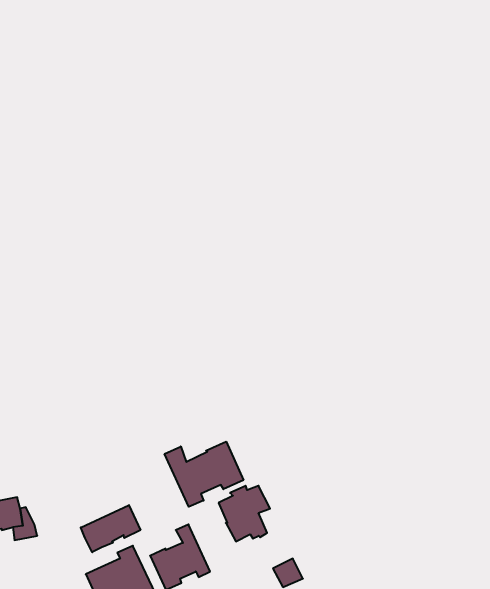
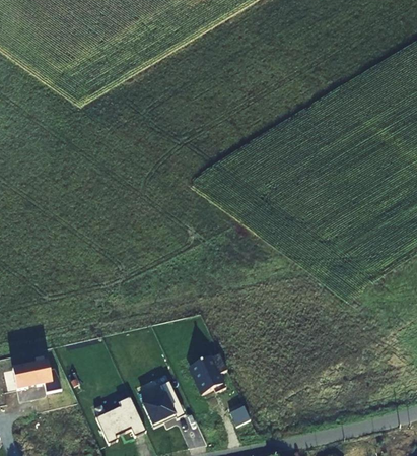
building: [165,442,243,507] -> none
building: [81,505,140,552] -> none

